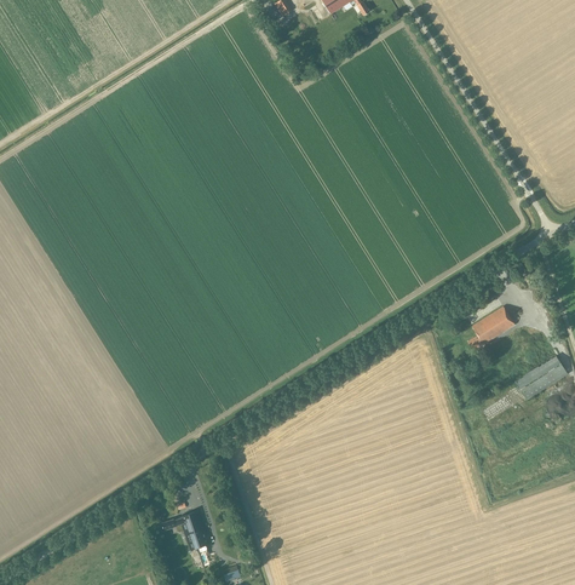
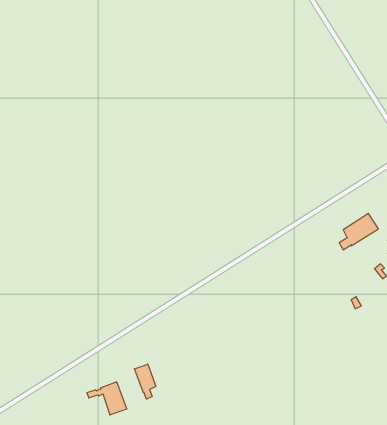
building: none -> [134,364,156,399]

